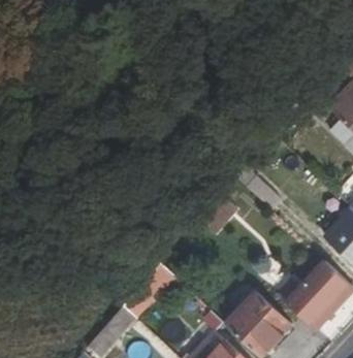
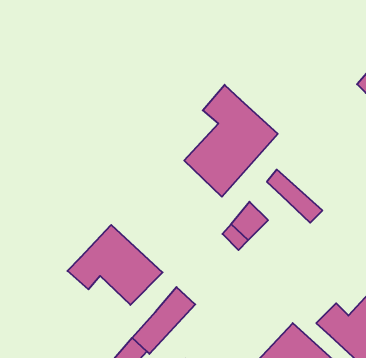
building: none -> [184,85,278,197]
building: none -> [67,225,163,305]

